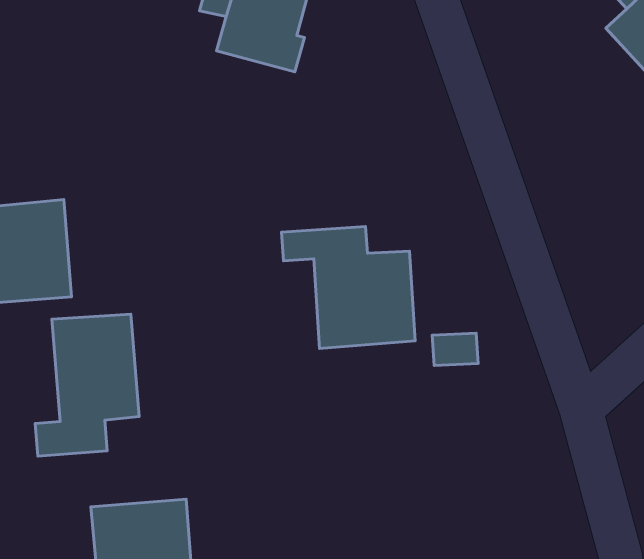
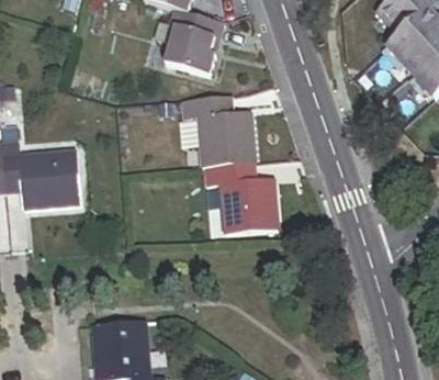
building: none -> [180,97,255,167]
building: [35,314,139,456] -> none

